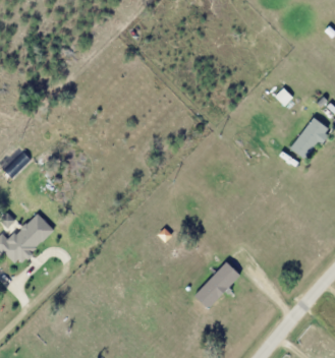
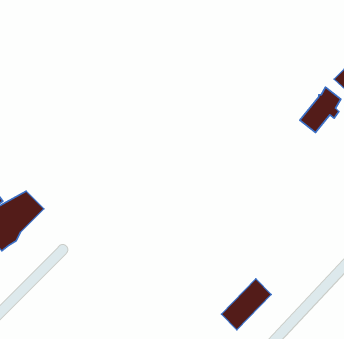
building: [196,261,241,308] -> [221,279,271,330]

